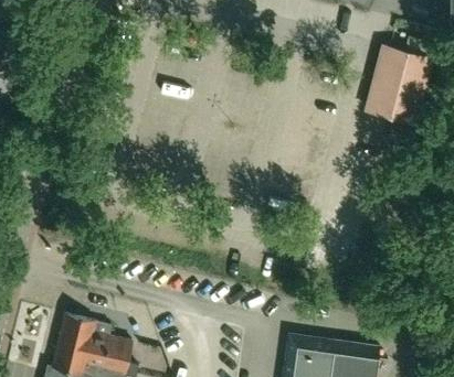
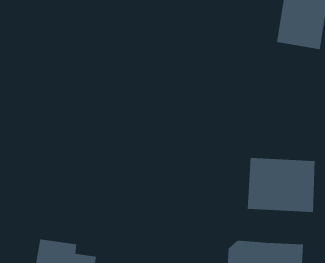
building: none -> [247,157,315,213]

